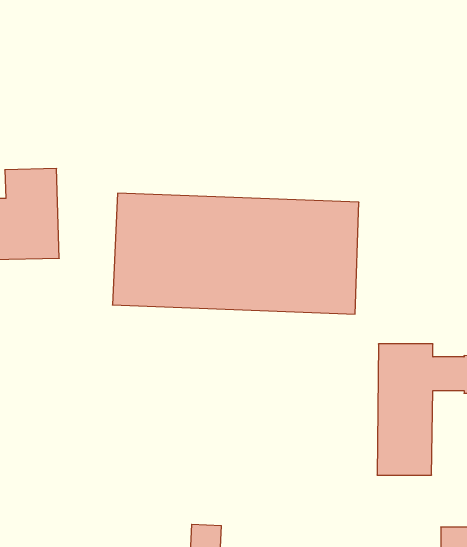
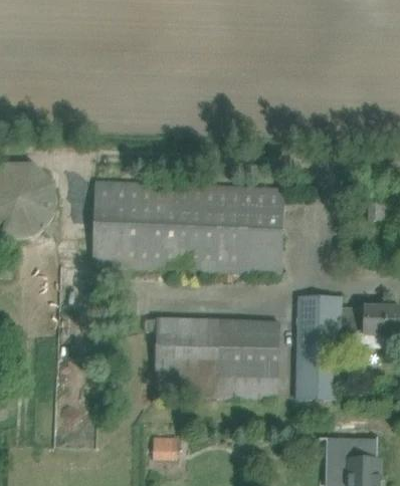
building: none -> [154,316,279,398]

